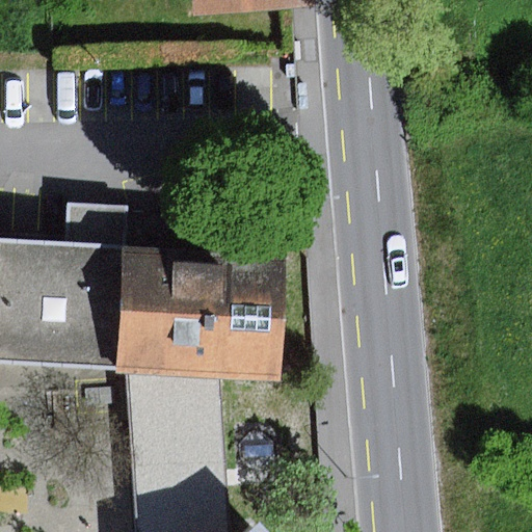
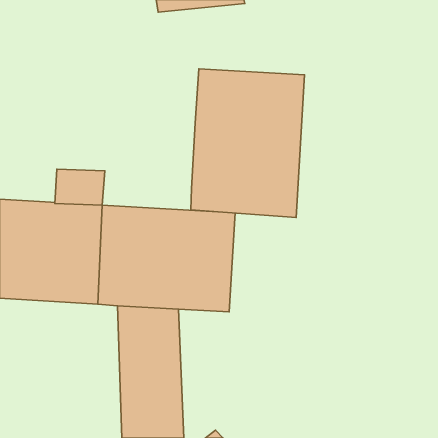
building: none -> [191,69,304,217]

